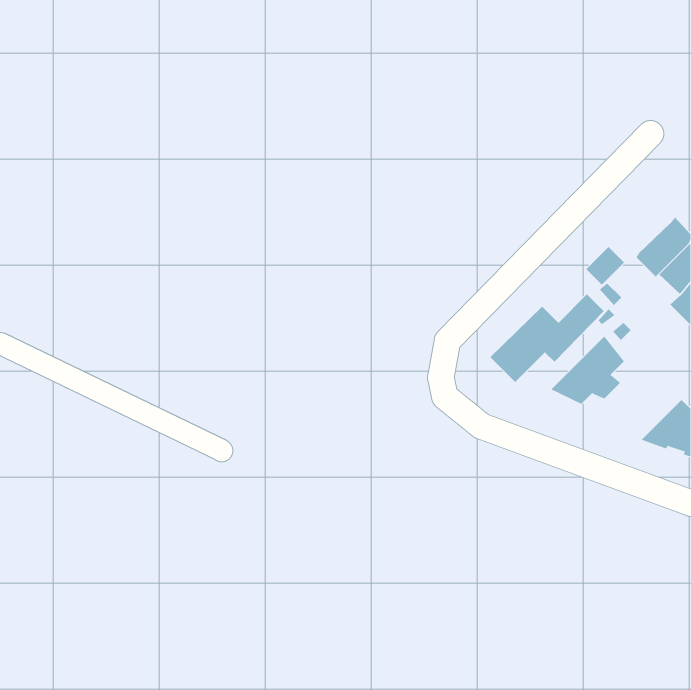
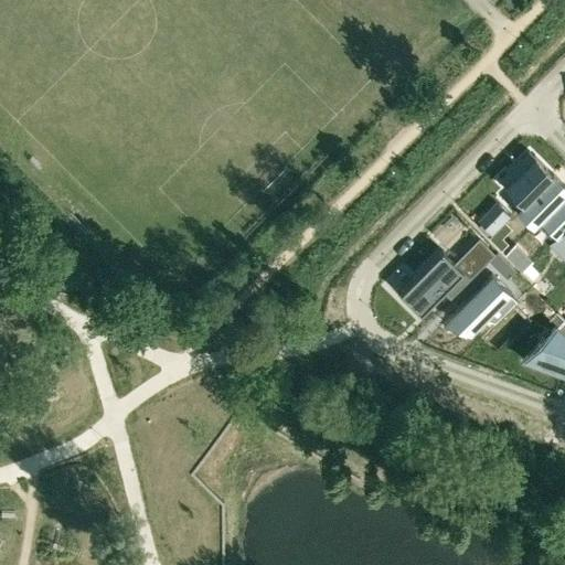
building: none -> [501,147,553,200]

